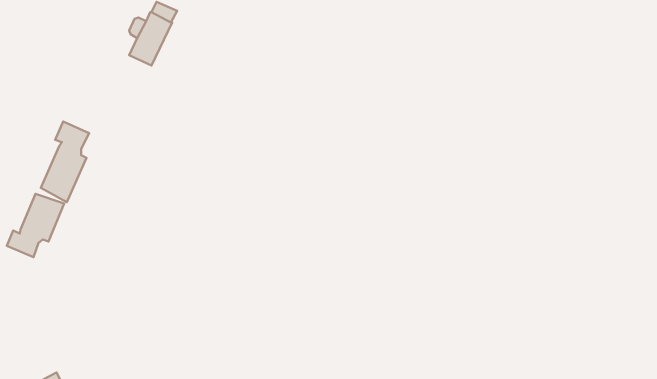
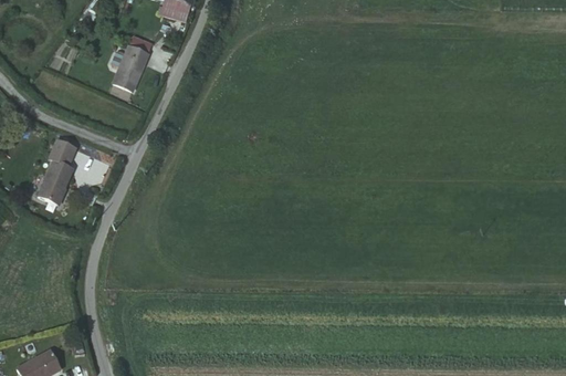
building: [7,194,64,257] -> none

